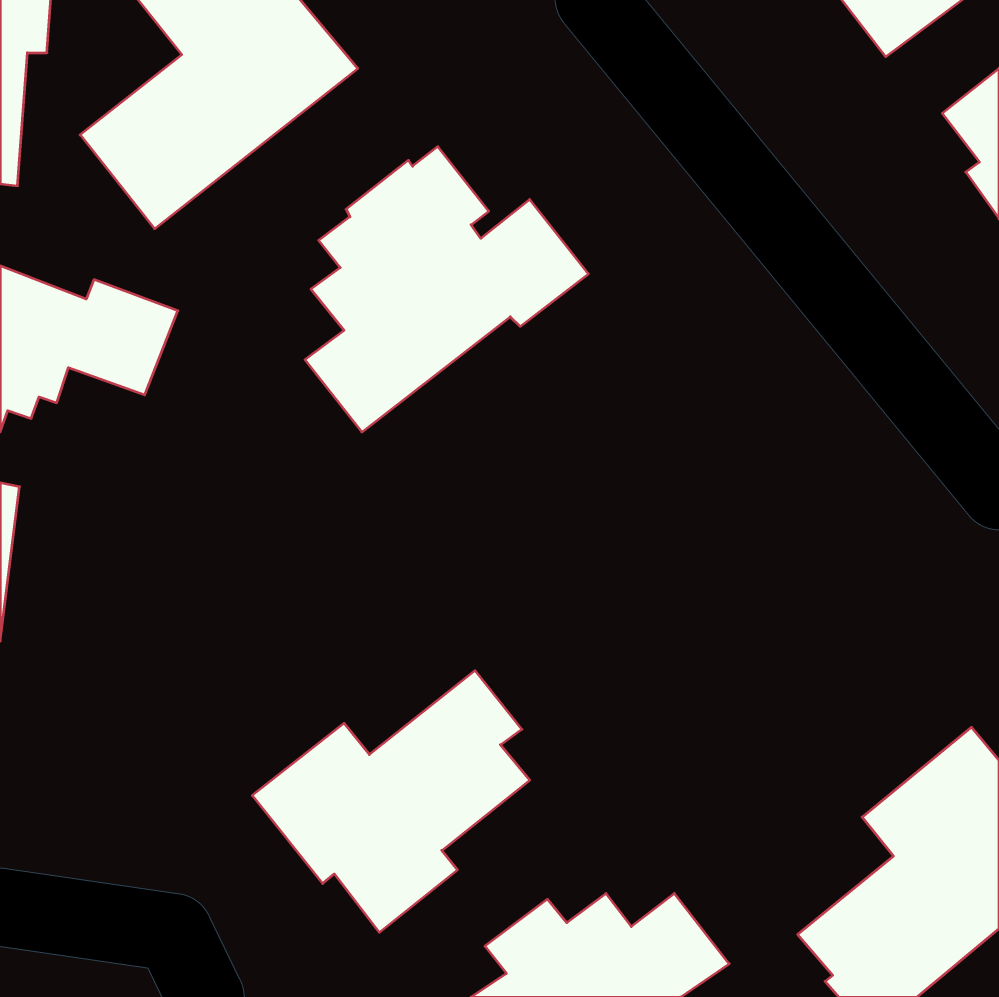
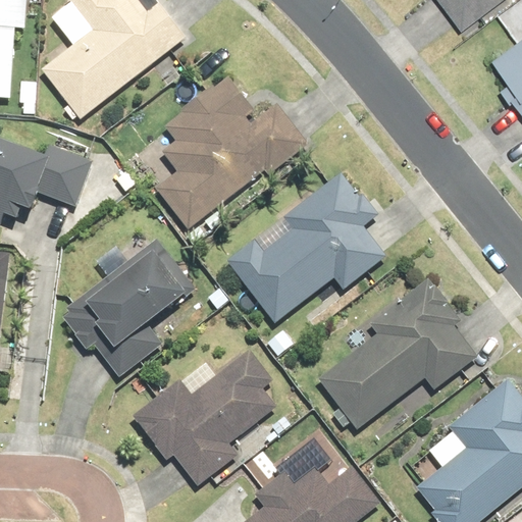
building: none -> [227,173,386,322]
building: none -> [61,236,196,375]
building: none -> [319,275,476,428]

